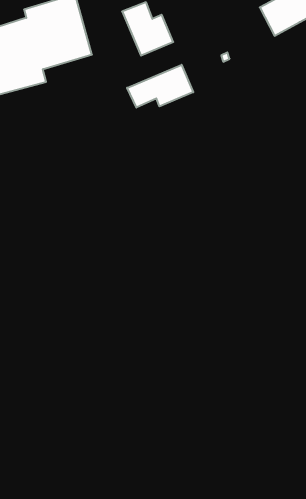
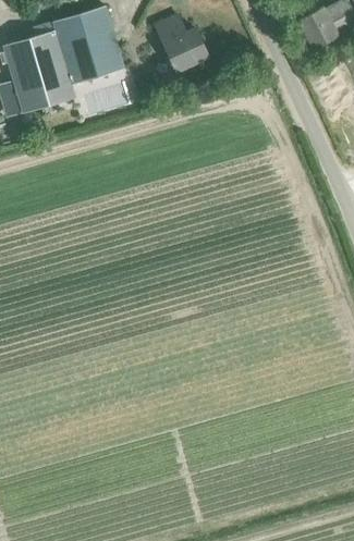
building: [127,65,193,108] -> none

